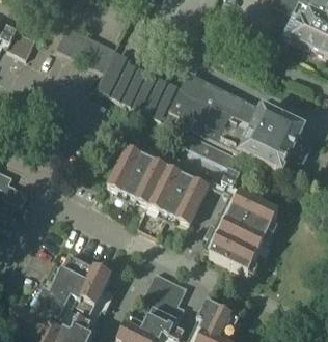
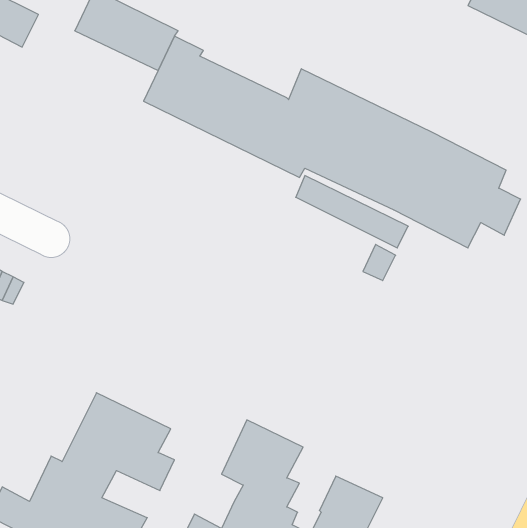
building: [107,133,214,223] -> none
building: [204,191,278,272] -> none

